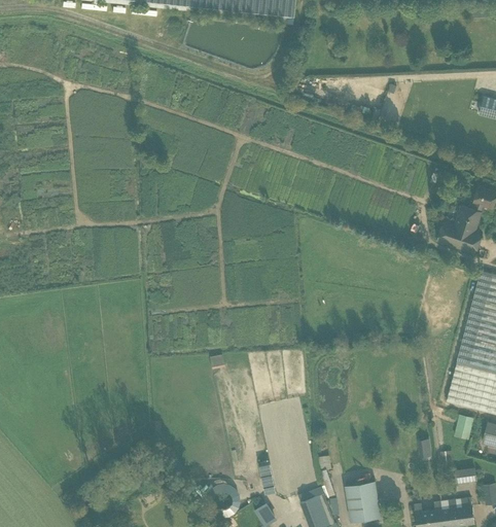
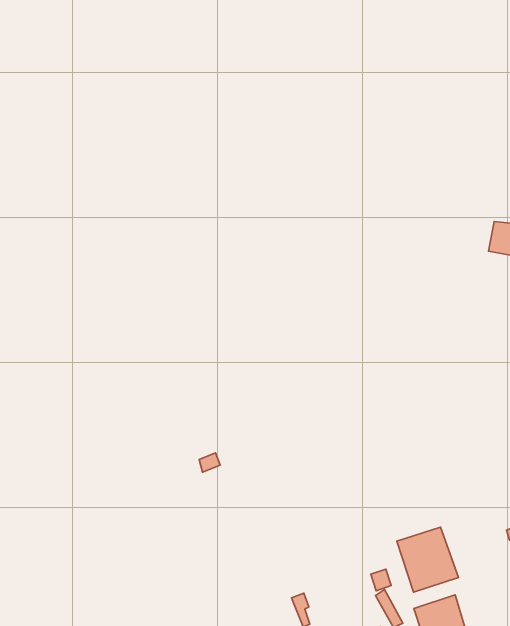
building: none -> [397,527,459,592]

